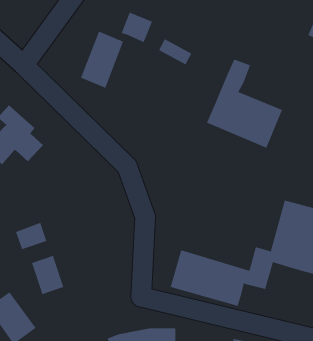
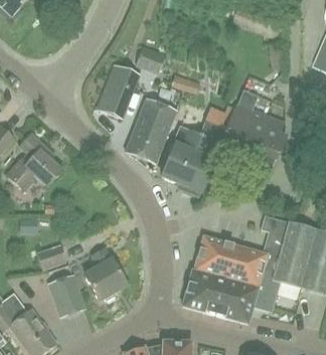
building: none -> [125,98,175,162]
building: none -> [161,119,228,193]
building: none -> [193,214,290,288]
building: none -> [85,246,127,298]

